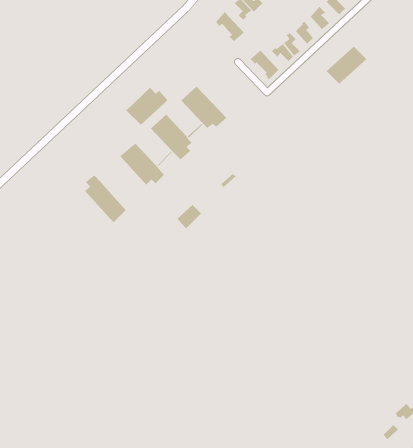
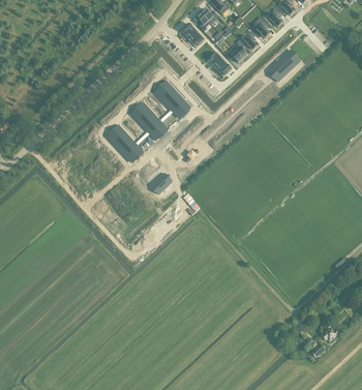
building: [125,87,168,126] -> none
building: [84,175,126,223] -> none

